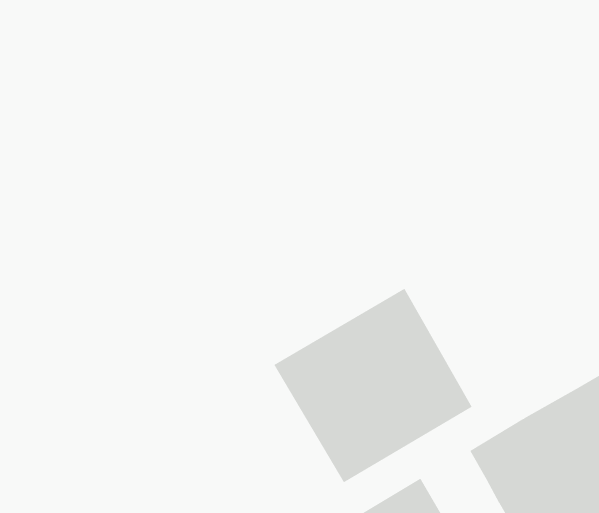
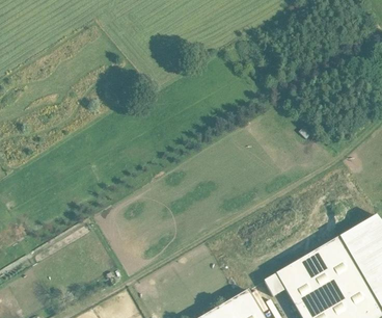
building: [273,288,473,483] -> none

